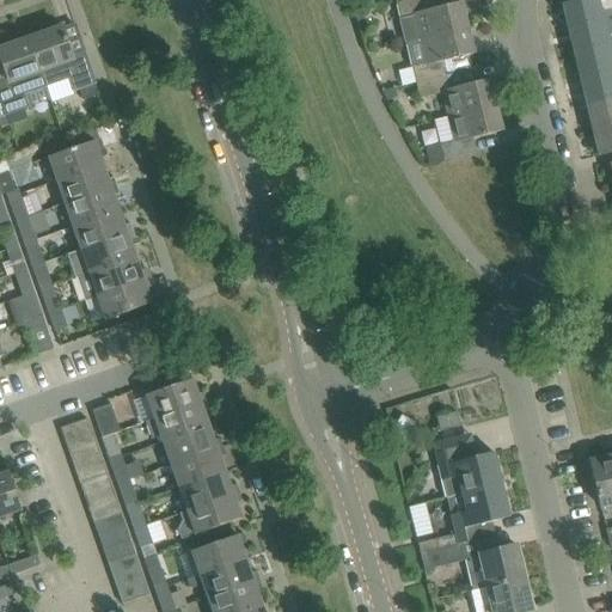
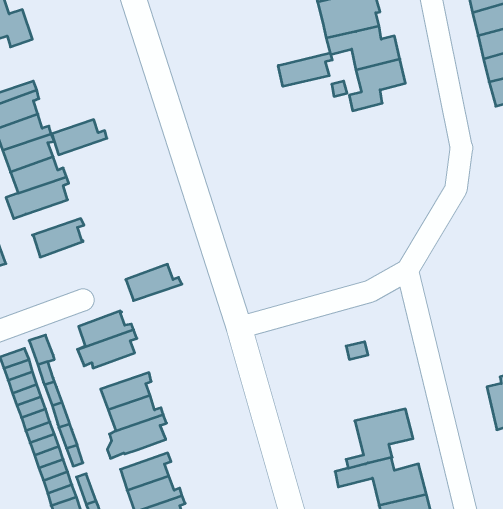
building: none -> [278,53,332,86]
building: [90,257,149,295] -> [52,120,107,155]
building: [163,423,224,463] -> [126,264,182,301]
building: [434,436,502,497] -> none

